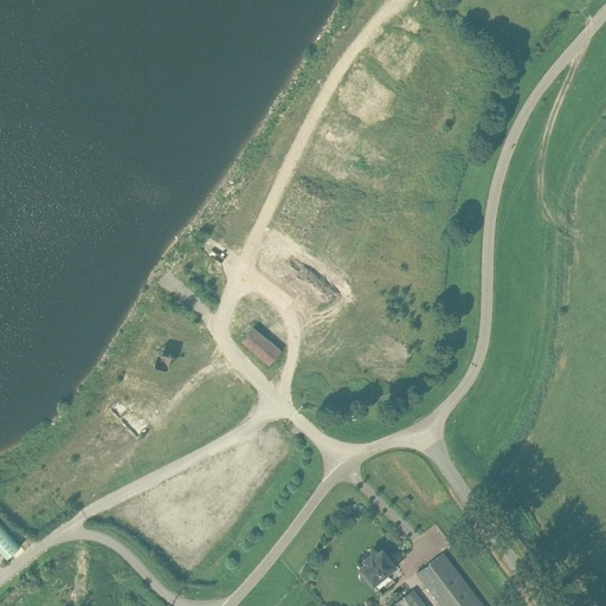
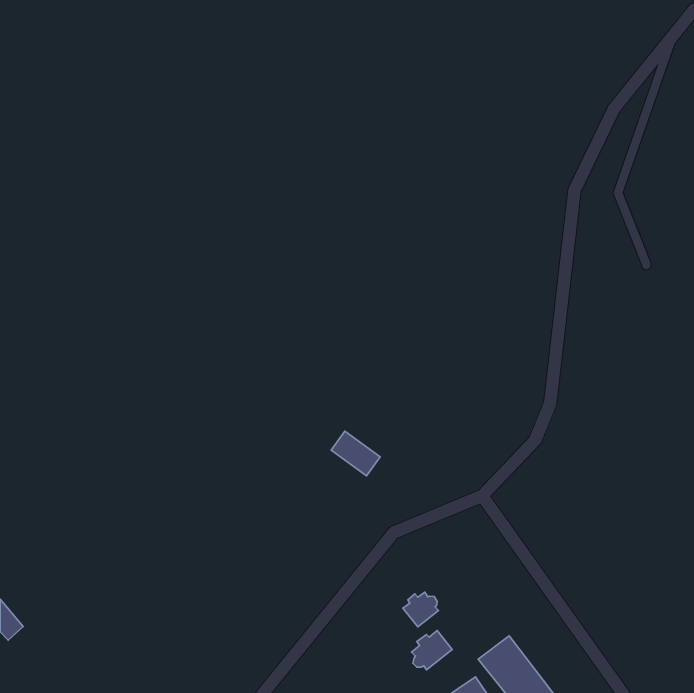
building: [240,327,283,366] -> [331,431,380,476]
building: none -> [403,592,438,627]

